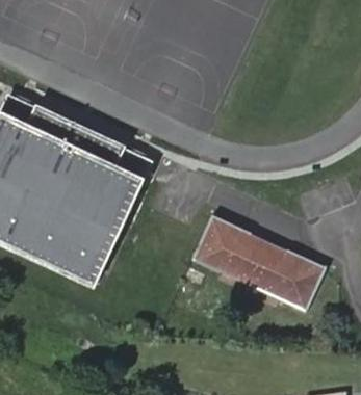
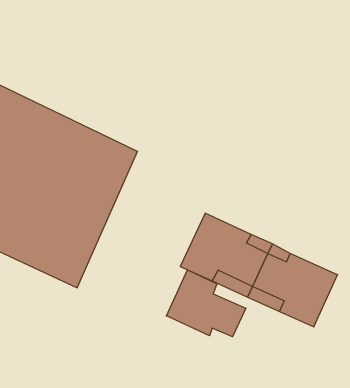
building: none -> [166,270,246,337]

